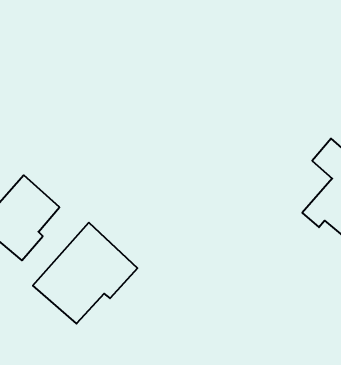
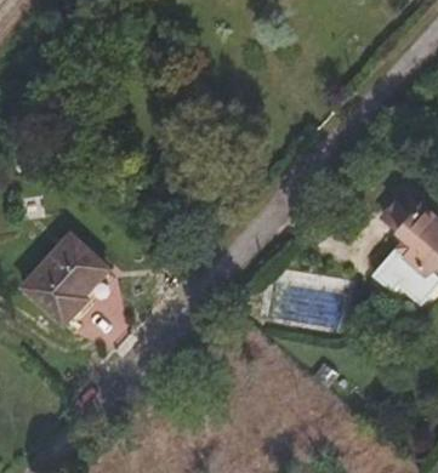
building: [33,223,137,324] -> none

